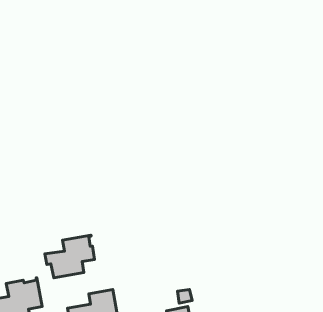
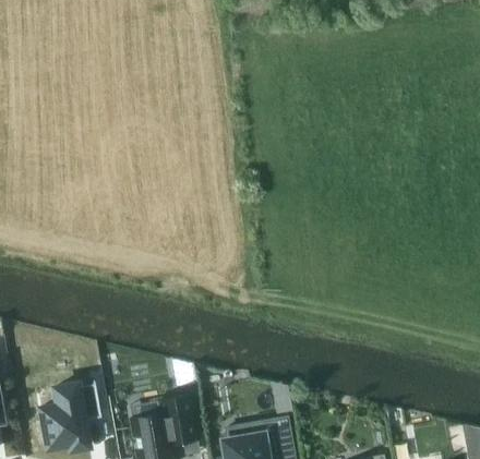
building: [45,235,95,278] -> none

